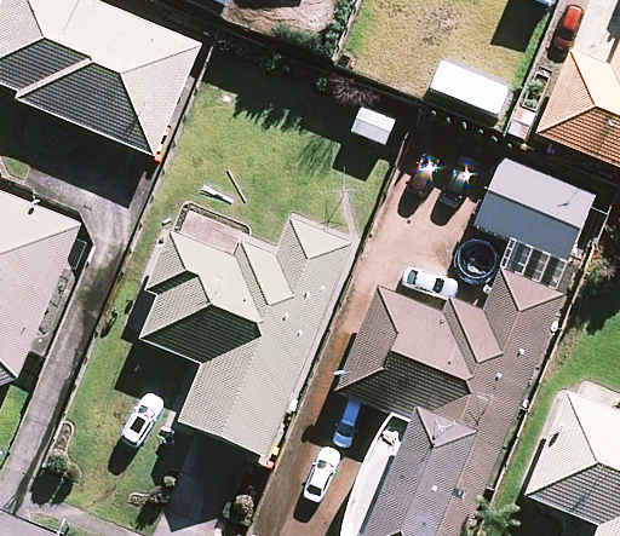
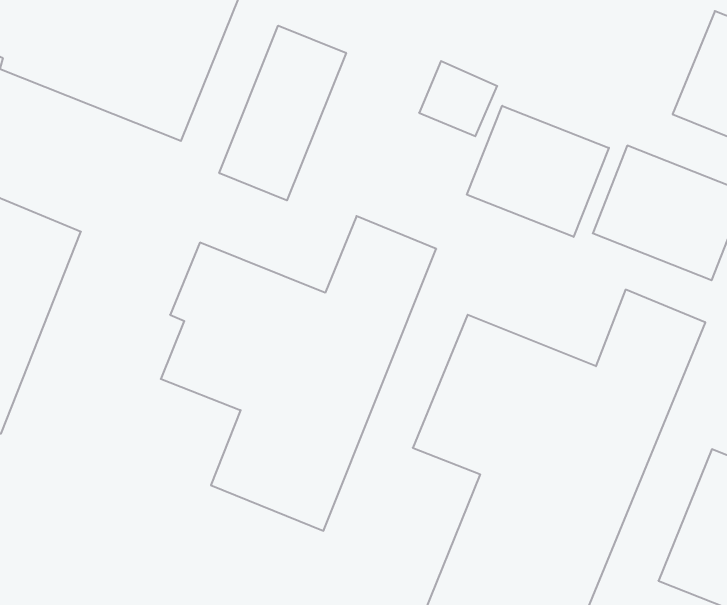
building: none -> [219,26,346,200]
building: none -> [467,106,609,237]

